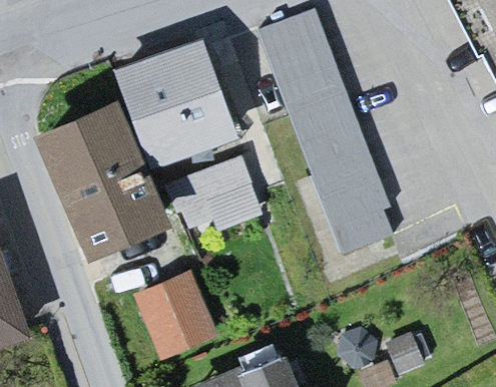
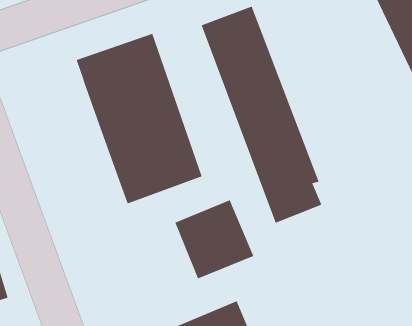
building: [38,92,167,258] -> none
building: [140,266,230,356] -> [174,200,254,279]

